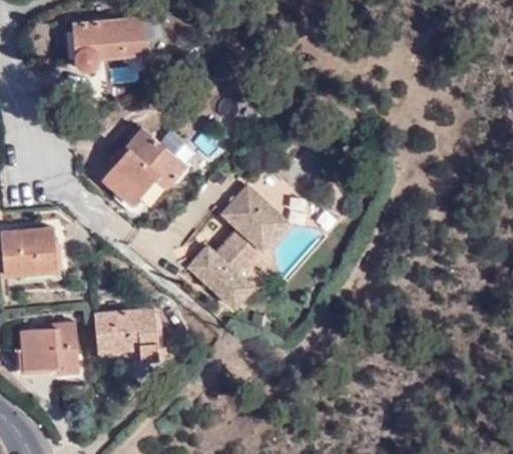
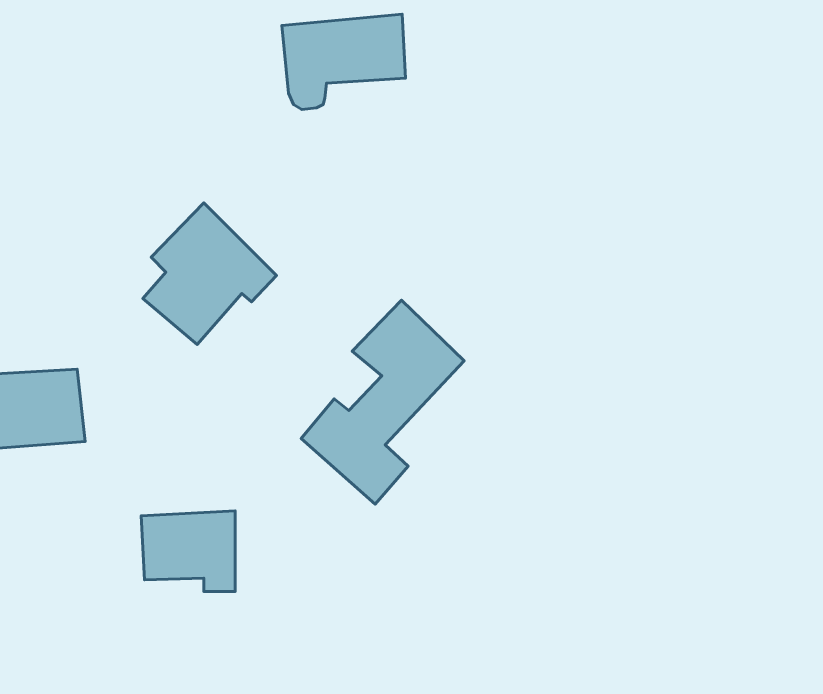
building: [68,19,143,77] -> [282,14,405,110]
building: [19,321,73,372] -> none

